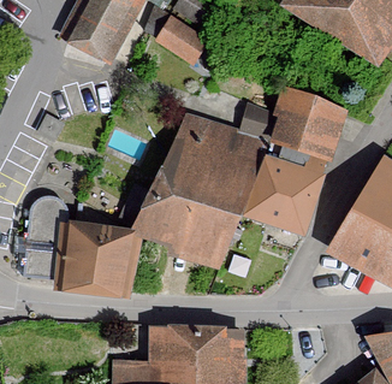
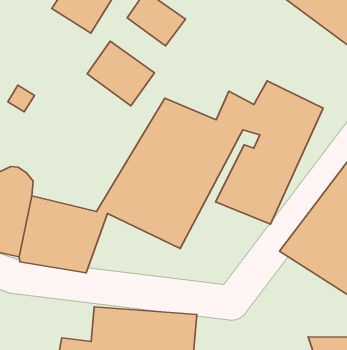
building: none -> [87,41,154,106]

